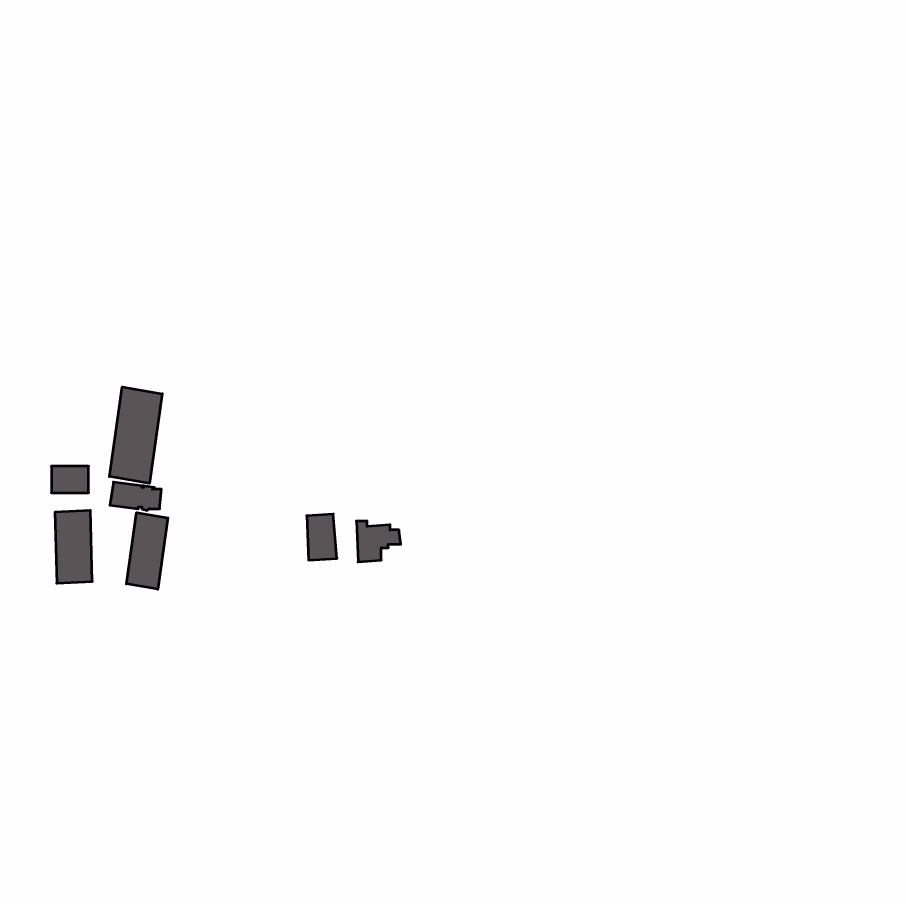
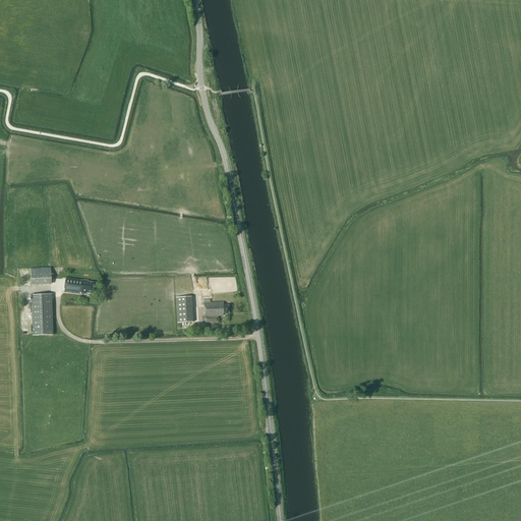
building: [109,387,162,483] -> none
building: [126,513,168,589] -> none

